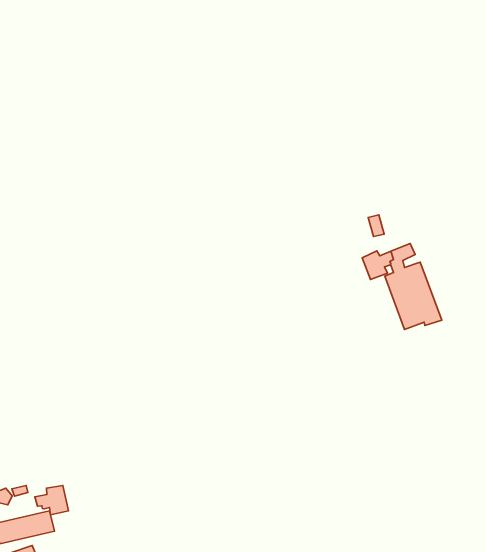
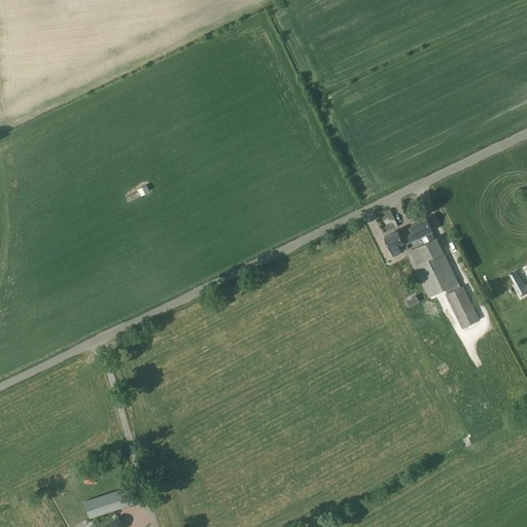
building: none -> [445,284,479,327]
building: [35,486,69,515] -> none

